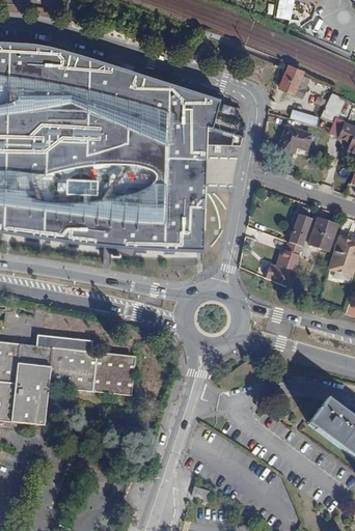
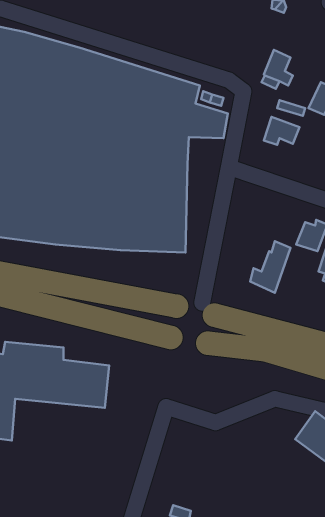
building: [289,212,312,246] -> none

